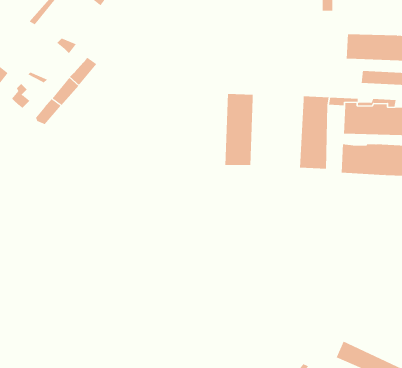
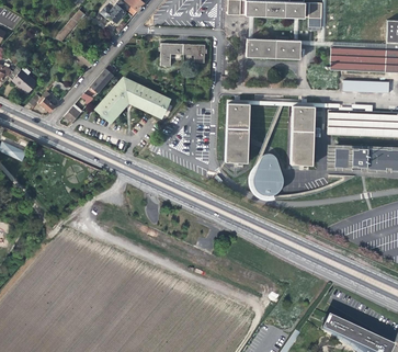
building: none -> [246,38,302,59]
building: none -> [161,43,206,67]
building: none -> [94,76,172,124]
building: none -> [252,154,283,197]

